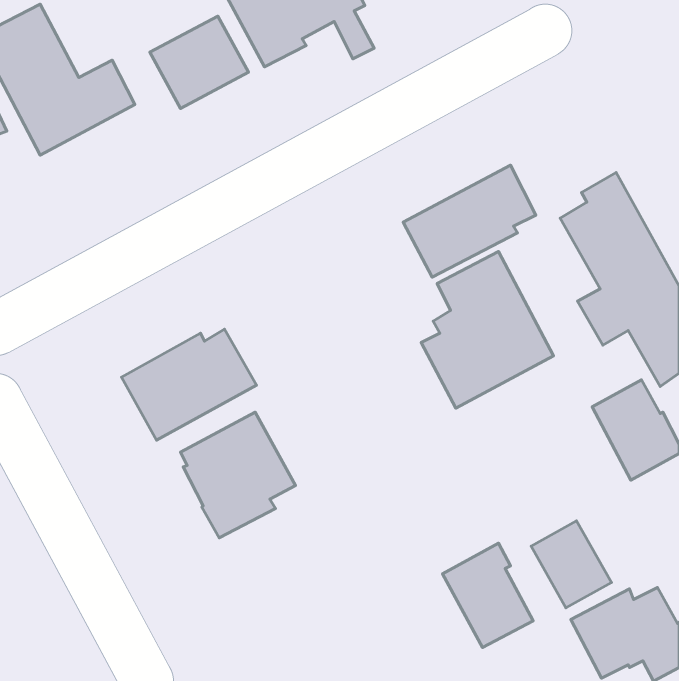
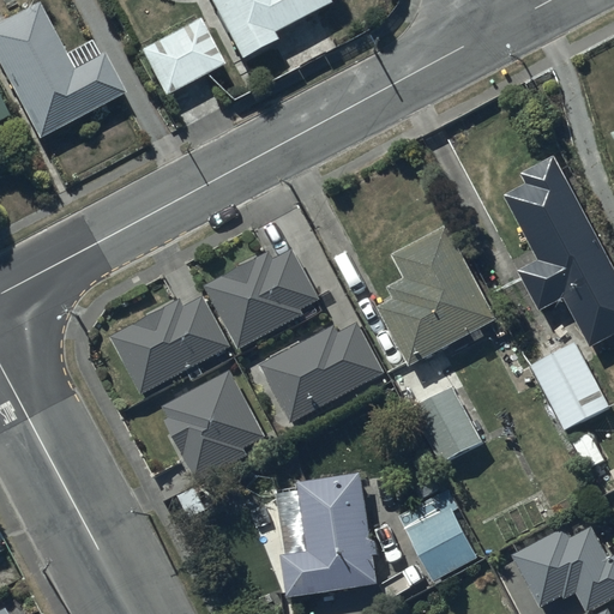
building: [403,165,536,277] -> none
building: none -> [206,249,318,348]
building: none -> [259,323,384,423]
building: [531,521,611,608] -> [410,386,482,464]
building: none -> [273,472,375,595]

